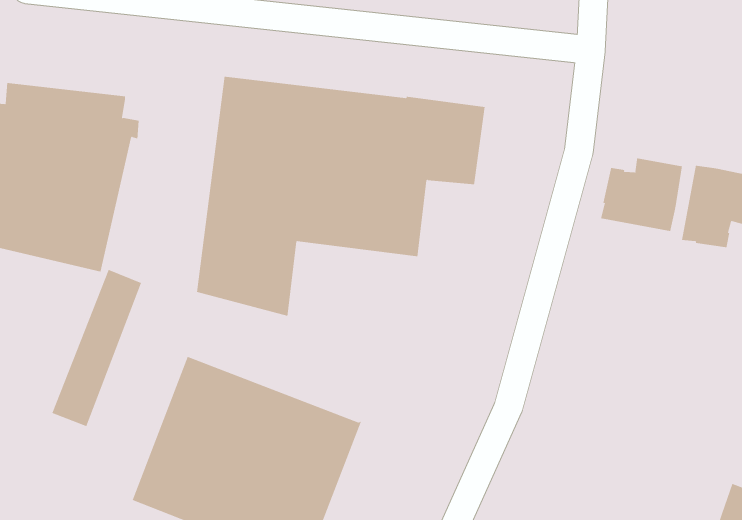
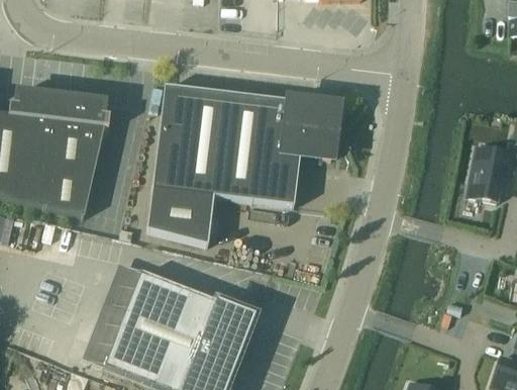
building: [601,158,683,232] -> none
building: [52,269,142,427] -> [82,262,141,366]

